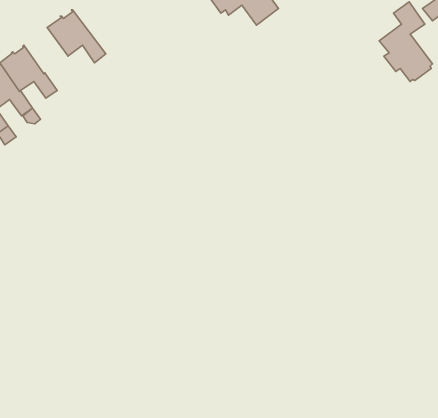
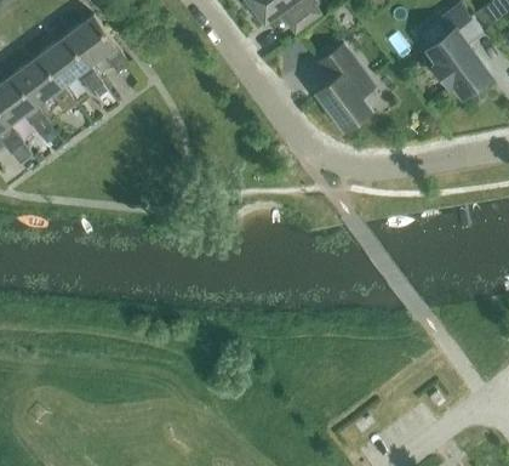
building: none -> [40,35,103,93]
building: none -> [316,45,373,130]

